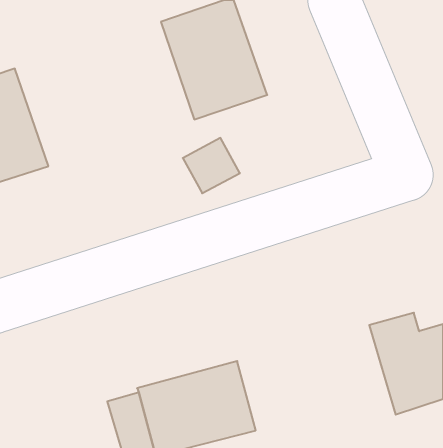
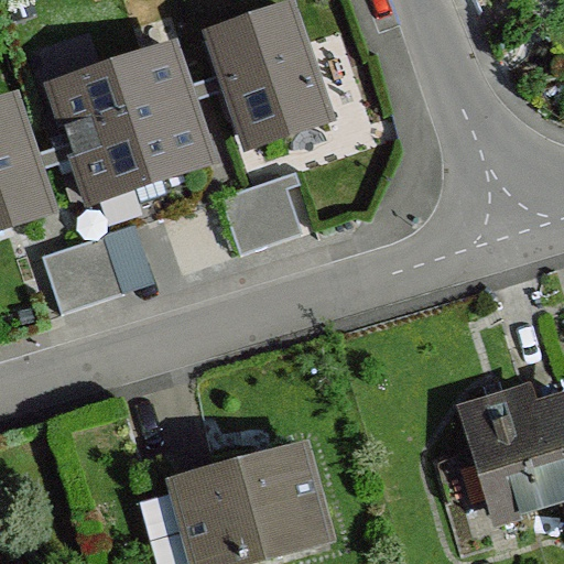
building: none -> [53,56,202,199]
building: none -> [52,227,152,299]

